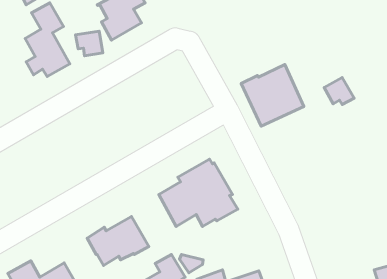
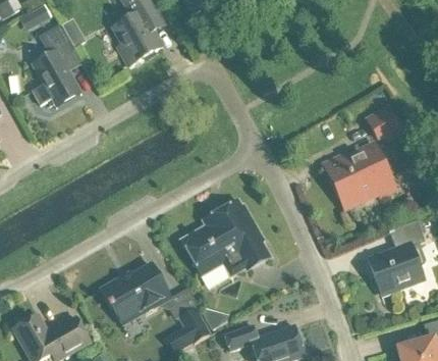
building: [76,31,103,56] -> none
building: [241,65,304,126] -> [324,141,394,210]
building: none -> [367,220,429,294]

